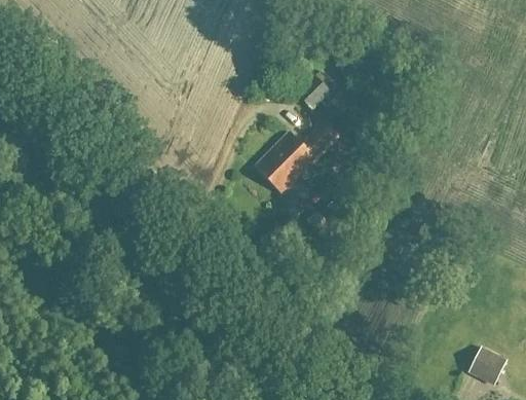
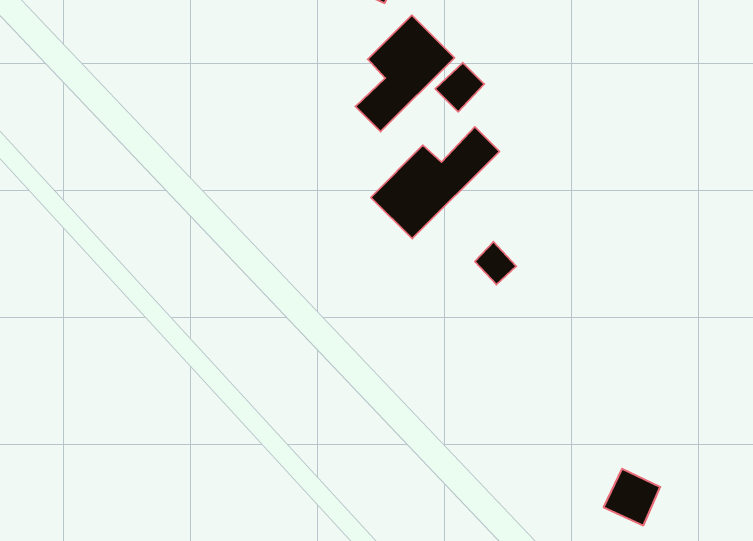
building: none -> [355,15,454,132]
building: [467,348,505,386] -> [604,469,660,525]

